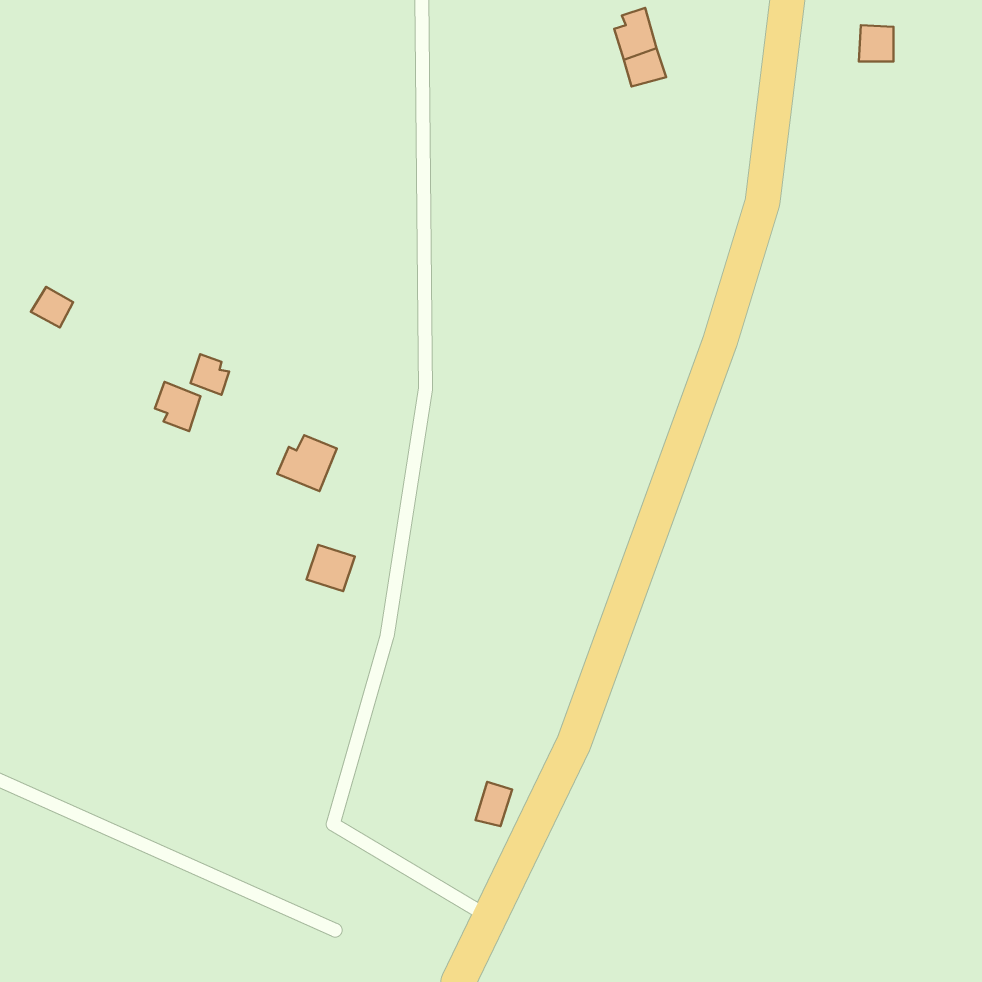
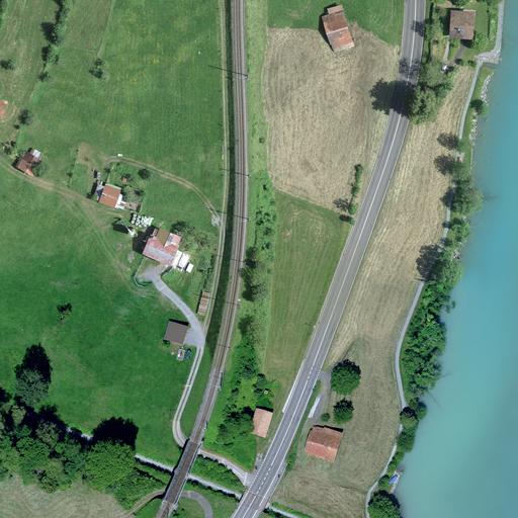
building: [155,382,201,431] -> none
building: [307,545,355,591] -> [163,321,188,345]
building: none -> [307,427,339,458]

